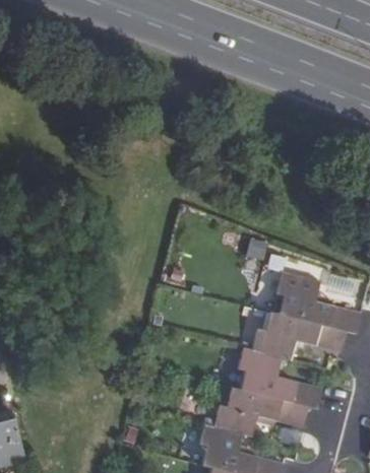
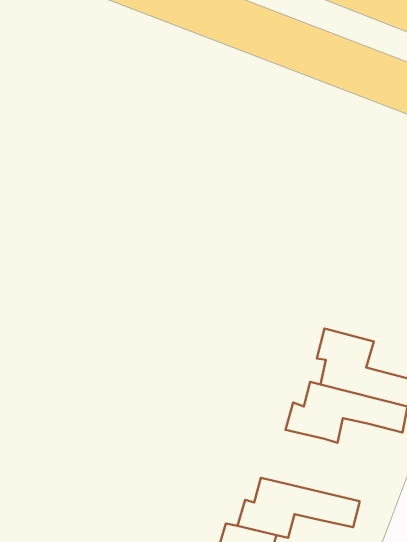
building: [237,348,323,409] -> none

